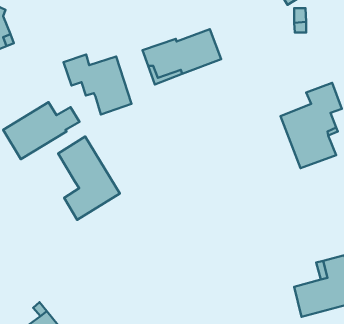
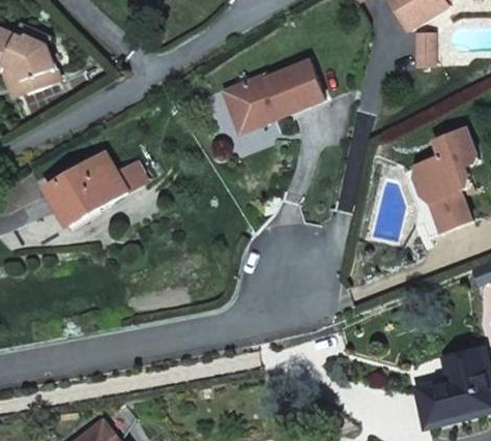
building: [64,54,132,115] -> none
building: [58,136,120,220] -> none

